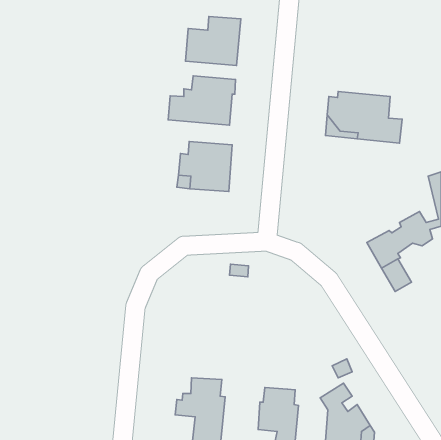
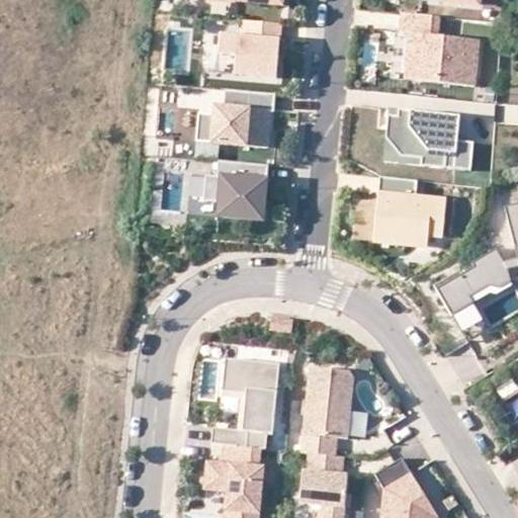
building: none -> [400,12,480,85]
building: none -> [374,176,446,245]
building: none -> [211,357,278,447]
building: none -> [303,369,354,457]

